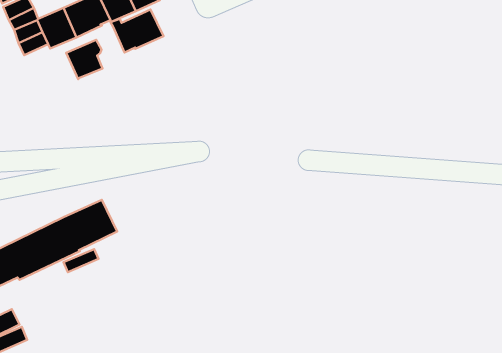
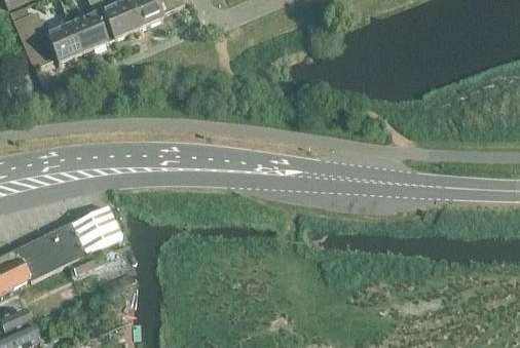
building: [110,9,164,52] -> none
building: [66,40,103,79] -> none

